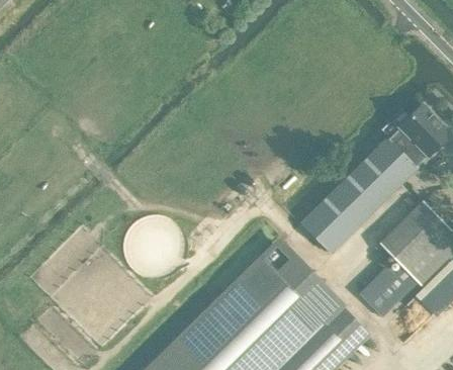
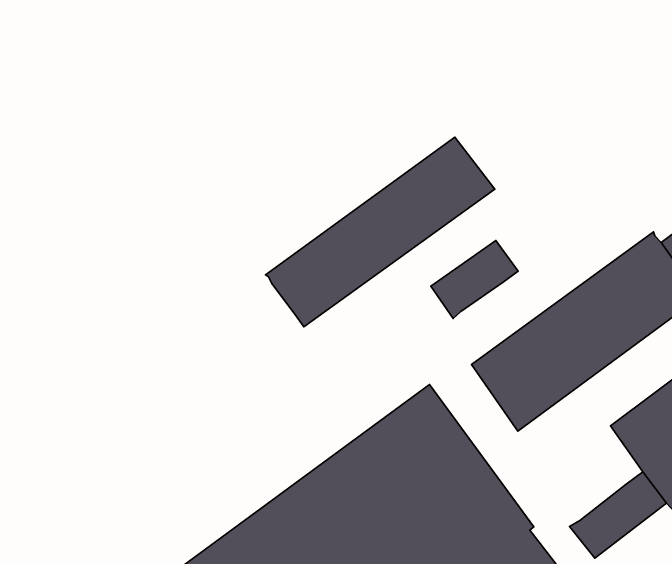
building: none -> [266,137,495,327]
building: none -> [431,240,518,319]

